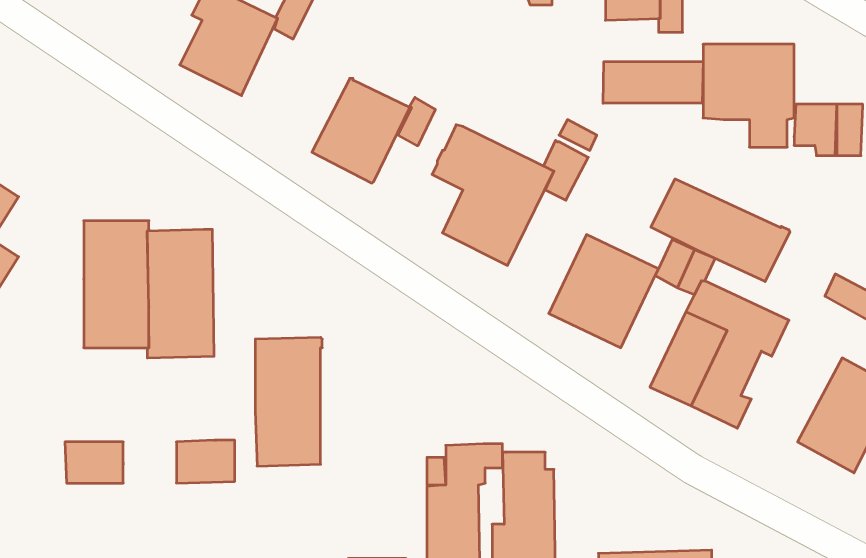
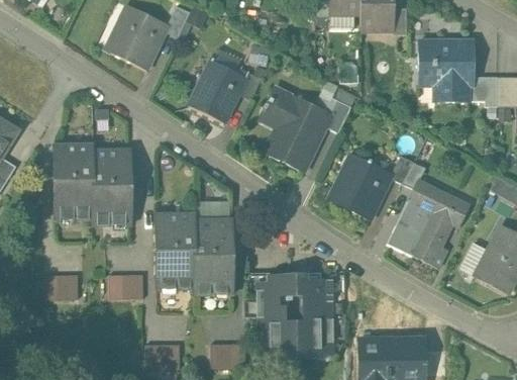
building: [603,62,703,103] -> none
building: [651,179,790,282] -> none
building: none -> [194,219,233,294]

